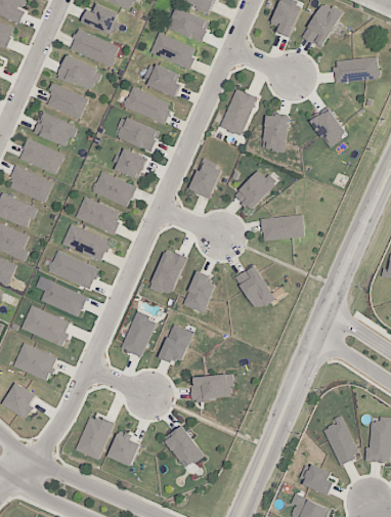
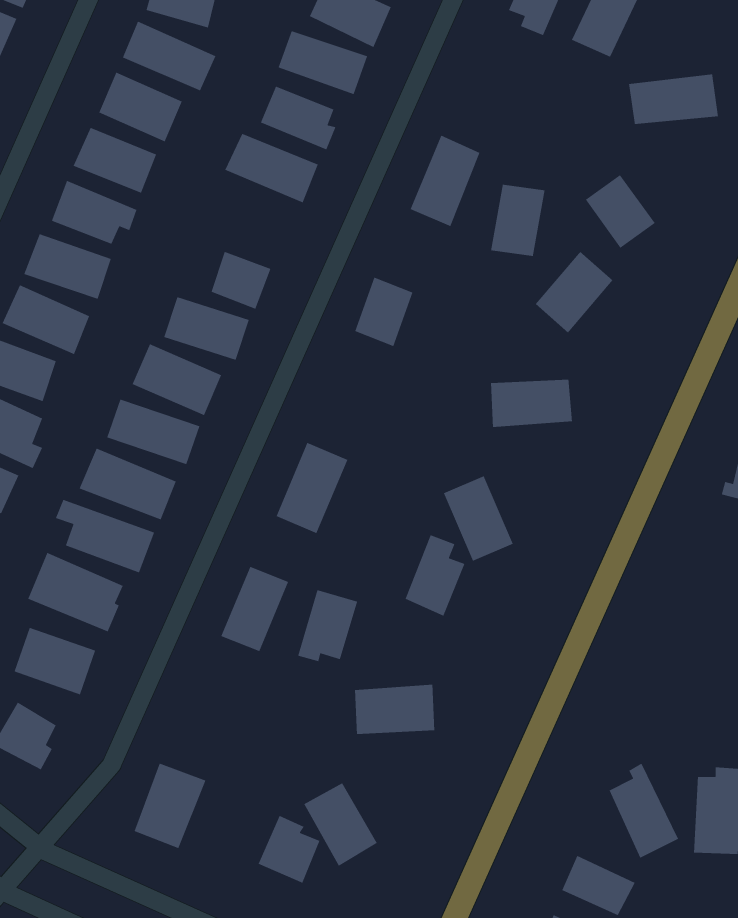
building: [115,116,160,152] -> none
building: [234,168,275,211] -> [535,251,614,333]
building: [183,270,215,313] -> [404,534,465,617]
building: [107,431,140,467] -> [257,815,320,884]

